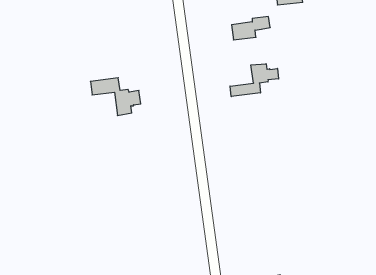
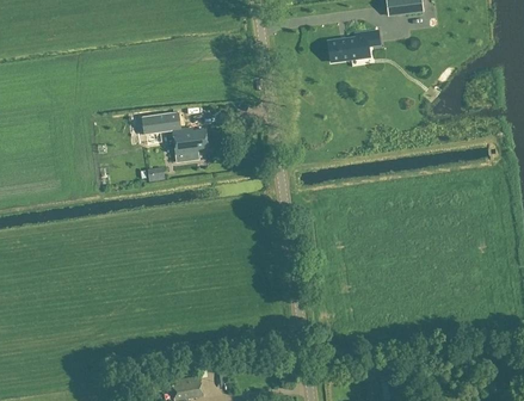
building: [230,64,279,97] -> none

